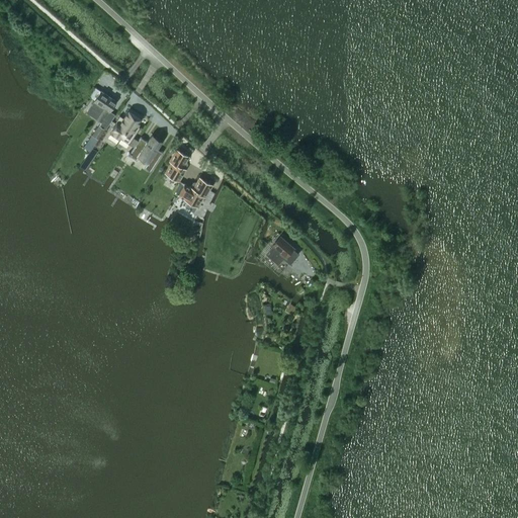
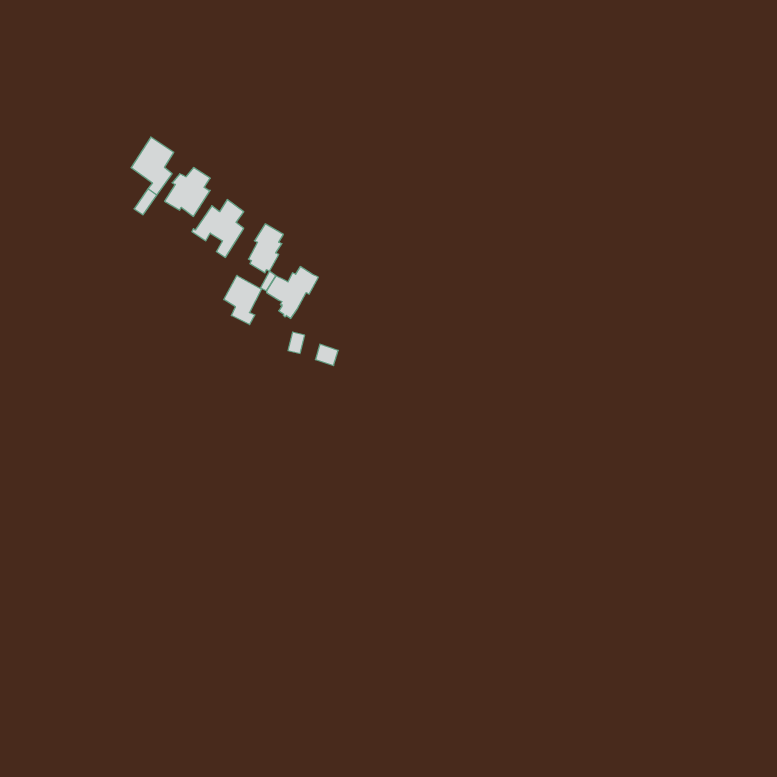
building: none -> [224,275,261,325]
building: [266,238,299,265] -> none

